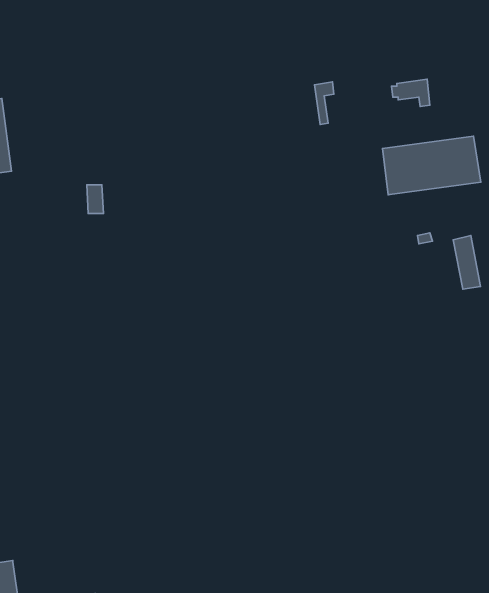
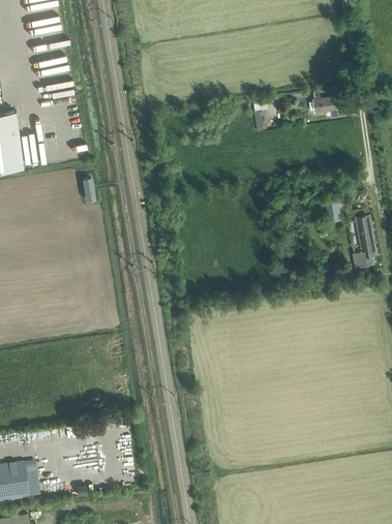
building: [382,136,481,195] -> none

